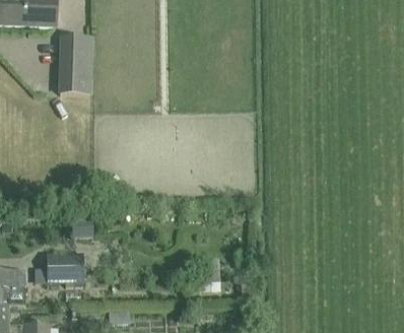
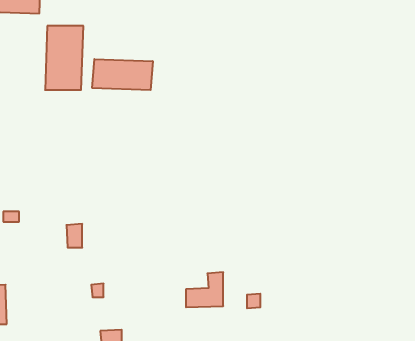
building: none -> [92,59,153,90]
building: [46,253,83,281] -> none

